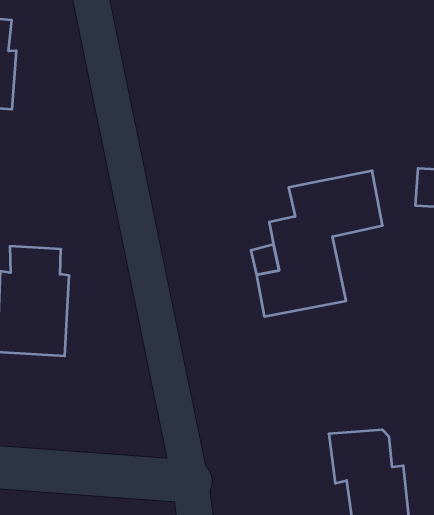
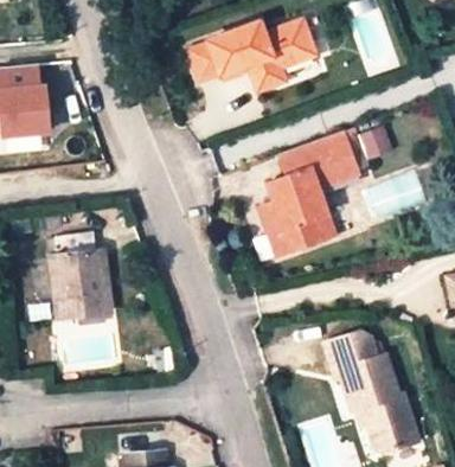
building: none -> [198,17,326,95]

